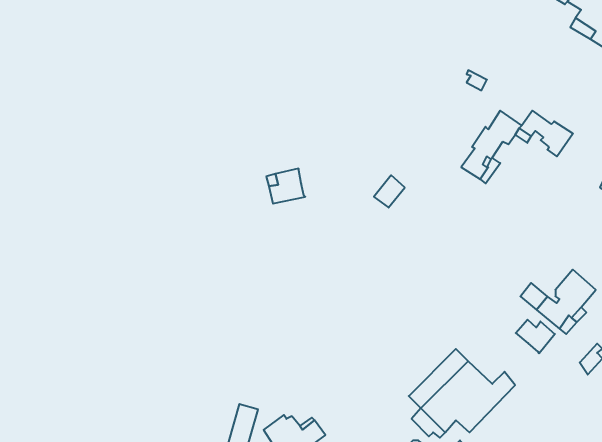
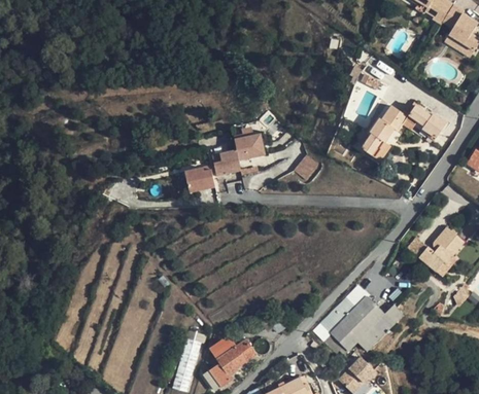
building: none -> [234,134,265,160]
building: none -> [184,168,214,192]
building: [516,320,555,353] -> none

